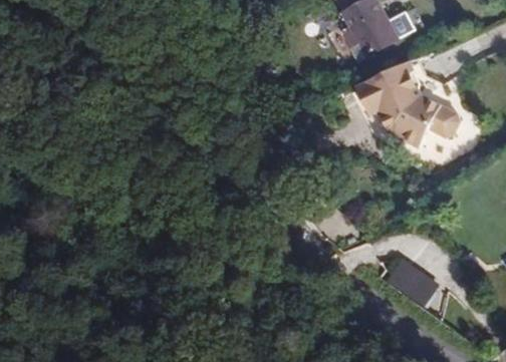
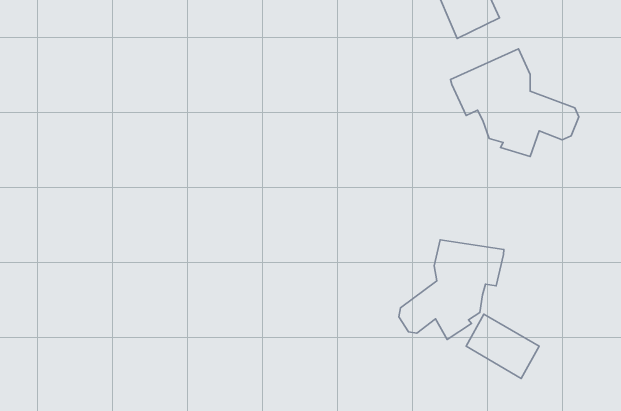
building: none -> [399,240,504,339]

